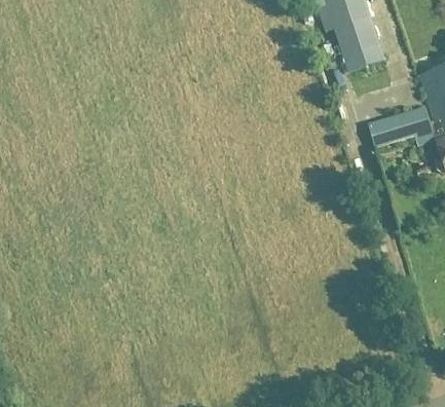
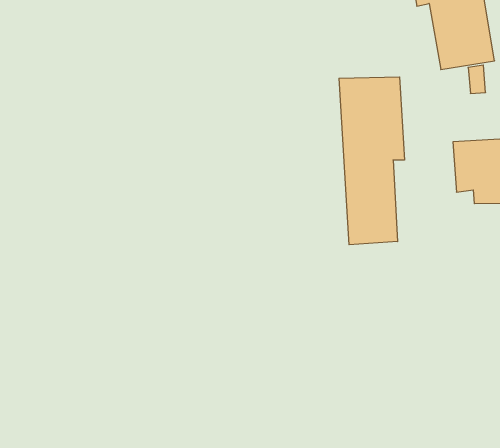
building: none -> [339,77,404,245]

